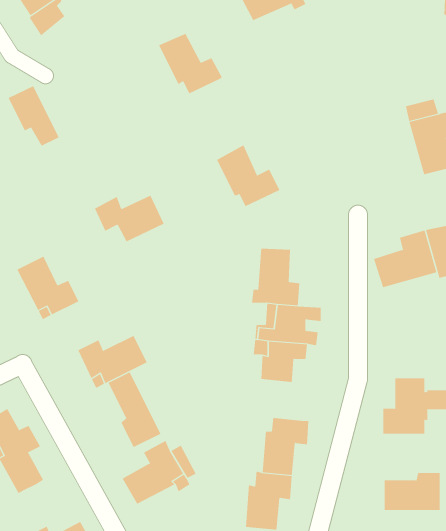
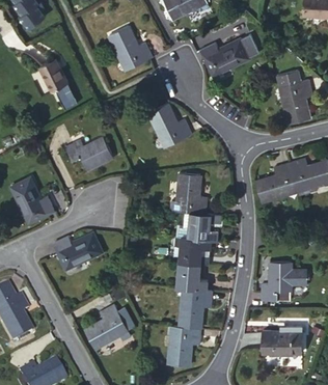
building: none -> [201,39,248,74]
building: [8,85,60,147] -> [39,60,75,102]
building: [108,372,161,448] -> none
building: none -> [177,263,208,291]

